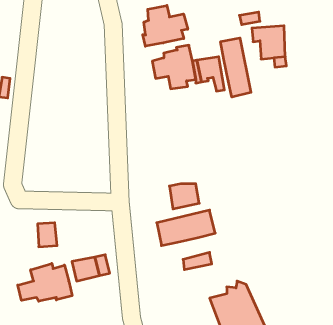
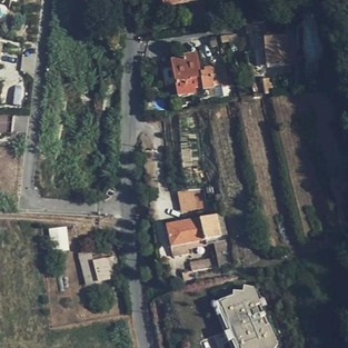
building: [143,5,188,46] -> none
building: [221,38,251,97] -> none
building: [18,263,72,301] -> none

